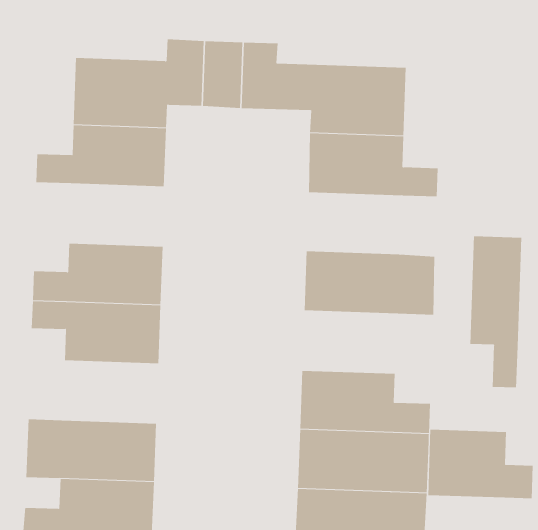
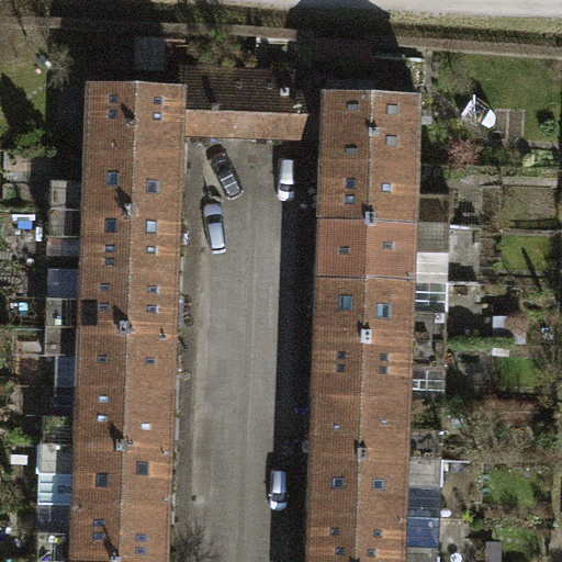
building: none -> [48,211,178,274]
building: none -> [318,221,449,282]
building: [470,236,522,388] -> none
building: none -> [314,338,446,402]
building: none -> [42,387,172,450]
building: [428,429,533,499] -> none

